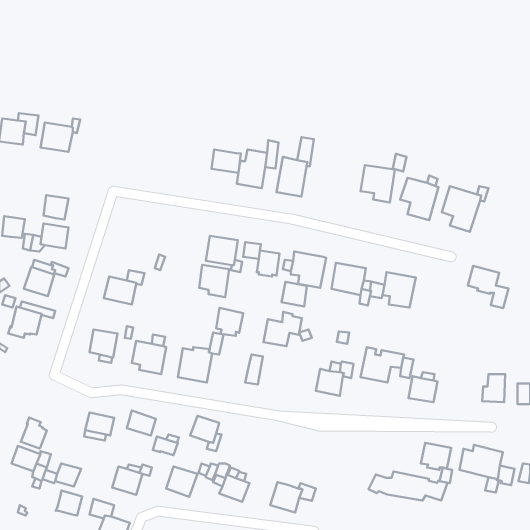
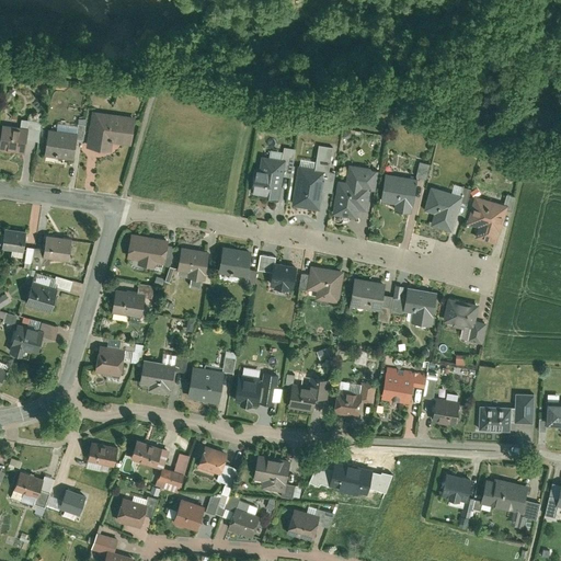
building: none -> [85,111,136,152]
building: [212,150,241,173] -> none
building: none -> [332,167,375,219]
building: [43,195,68,220] -> none
building: none -> [125,237,167,271]
building: [199,265,229,297] -> [176,250,208,284]
building: [468,266,508,308] -> [443,300,485,345]
building: [282,282,307,307] -> none
building: [216,308,243,336] -> [234,378,263,408]
building: [264,312,302,346] -> [288,376,329,412]
building: none -> [478,408,510,433]
building: [21,418,47,448] -> none
building: none -> [257,449,294,485]
building: [368,471,447,501] -> [308,462,391,493]
building: [56,491,82,516] -> none

